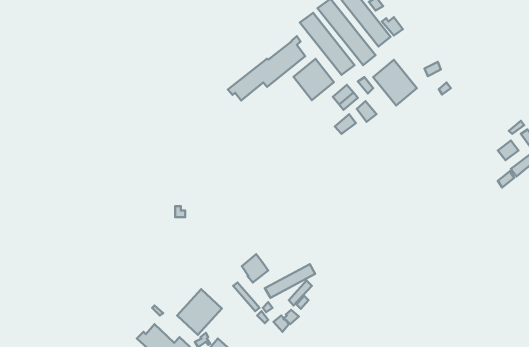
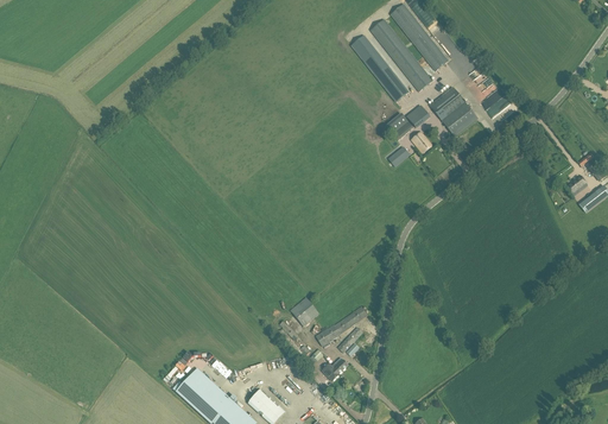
building: [228,36,305,101] -> none
building: [293,59,334,100] -> none
building: [177,289,222,335] -> none

